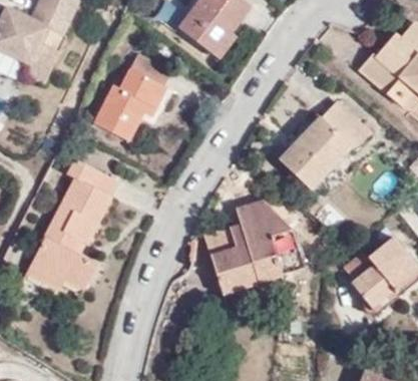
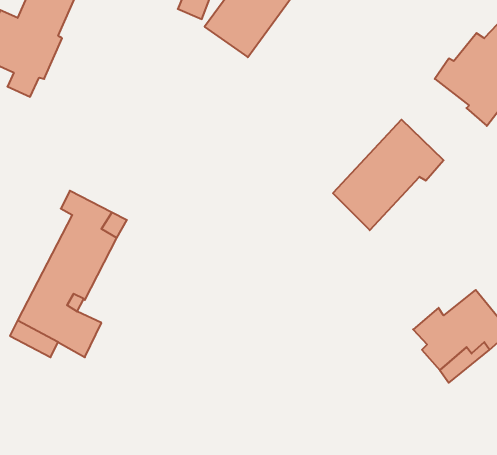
building: [95,54,171,139] -> none
building: [202,202,303,294] -> none

